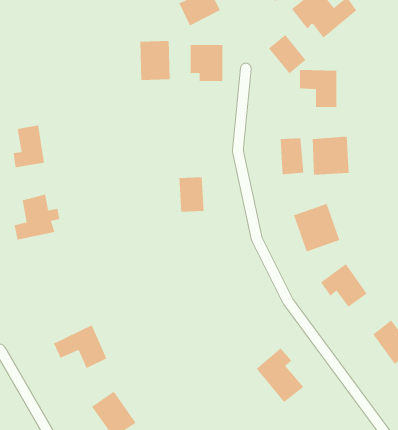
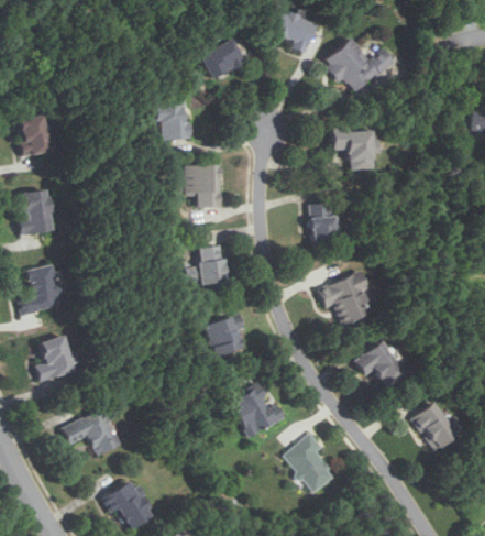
building: [268,34,306,74] -> none
building: [190,44,223,82] -> [185,165,221,206]
building: none -> [16,116,51,156]
building: [312,136,349,175] -> none
building: none -> [206,315,247,357]
building: none -> [36,335,75,382]
building: none -> [231,385,285,437]

